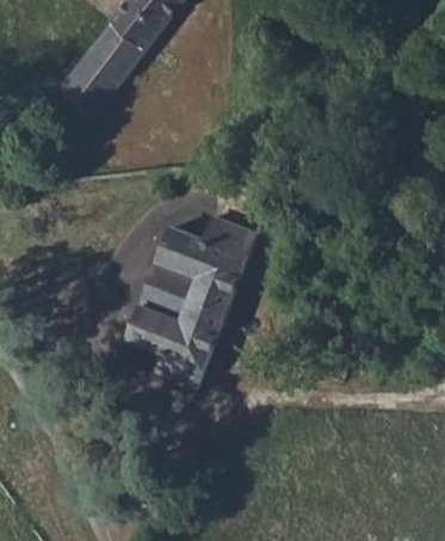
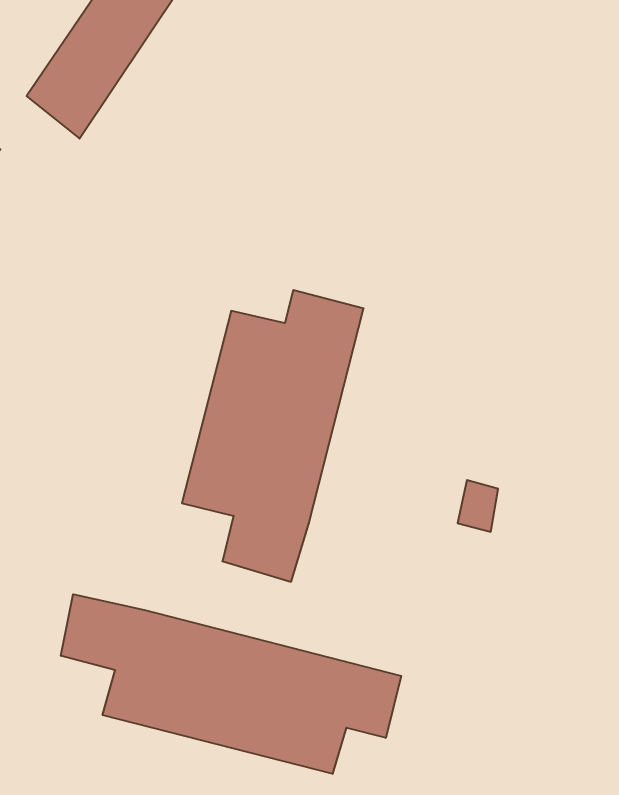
building: none -> [61,594,401,774]

